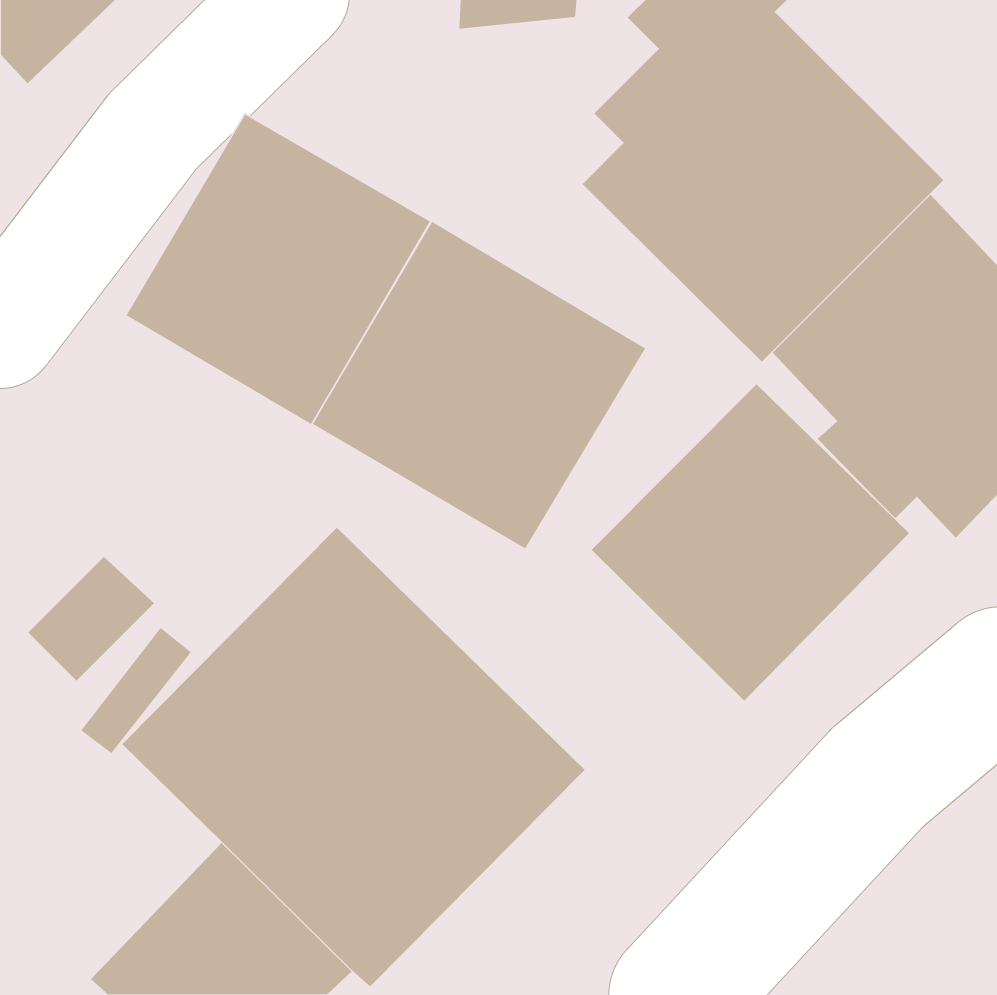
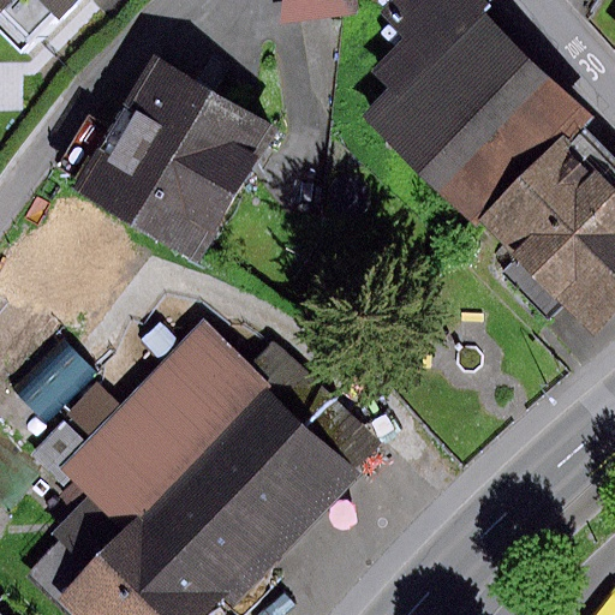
building: [312,221,646,550] -> none
building: [591,384,910,702] -> none

